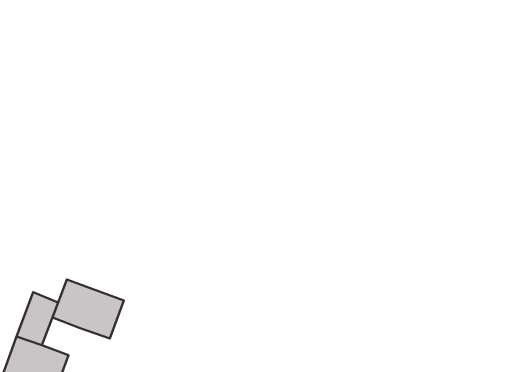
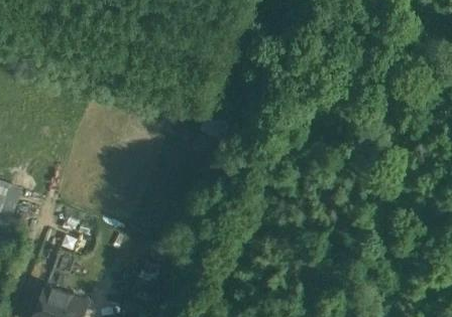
building: [53,279,124,339] -> none

